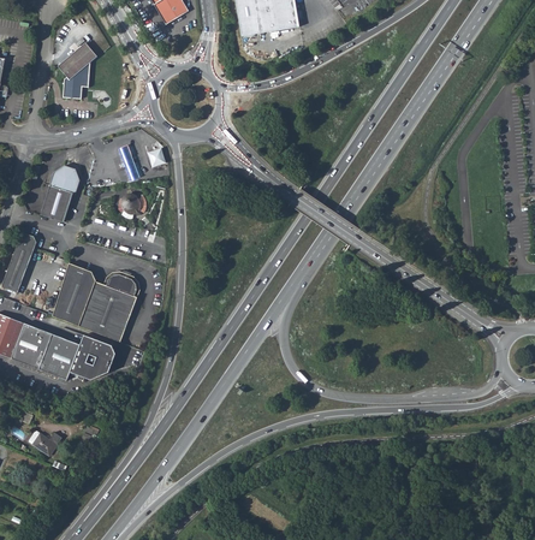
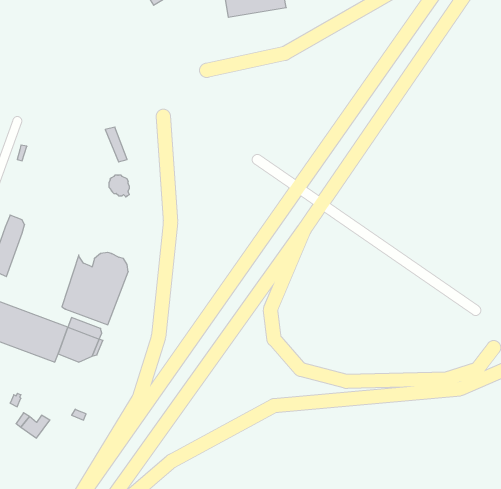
building: [57,42,96,99] -> none
building: [37,166,77,222] -> none
building: [50,265,90,325] -> none

